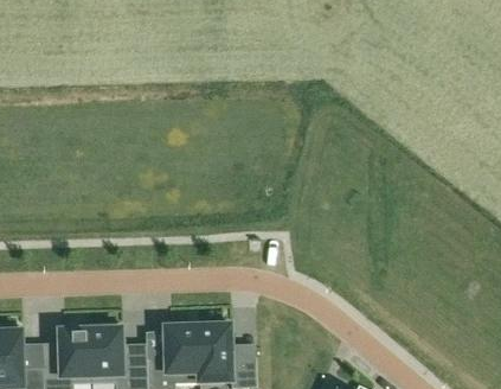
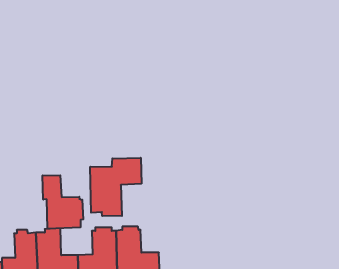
building: none -> [90,158,141,216]
building: none -> [43,175,83,229]

